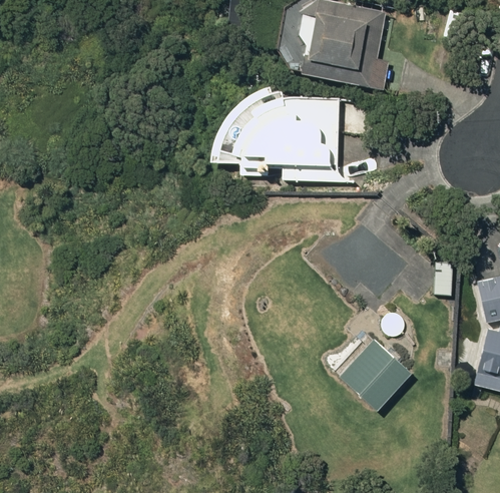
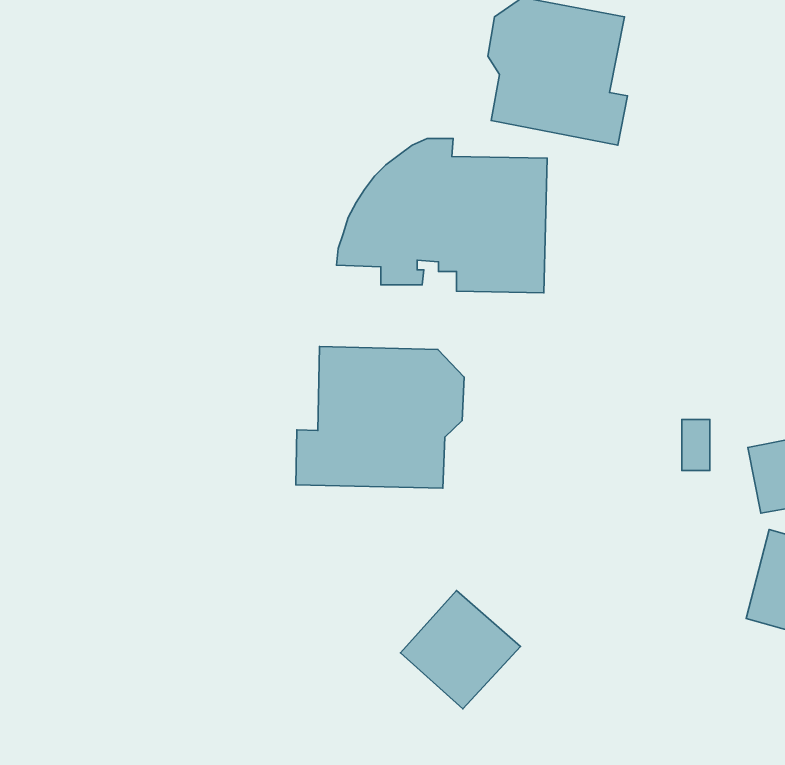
building: none -> [296,347,464,488]
building: [334,335,407,407] -> [400,591,521,709]

